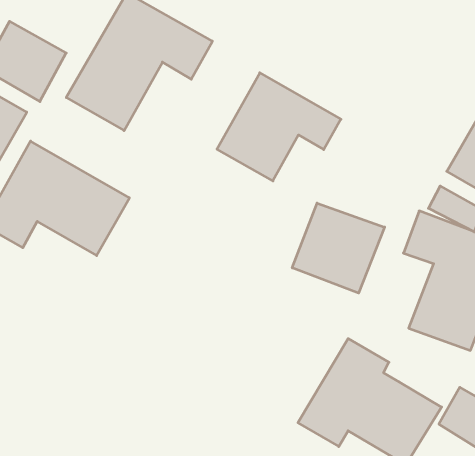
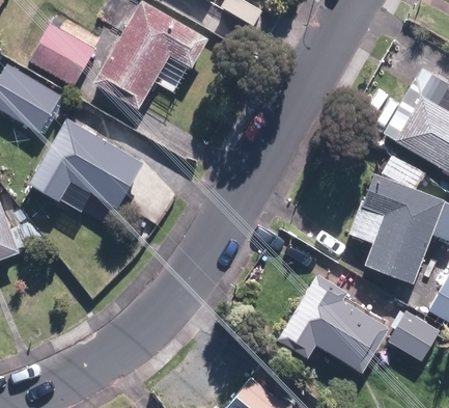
building: [217,73,341,181] -> none
building: [292,203,385,293] -> none

